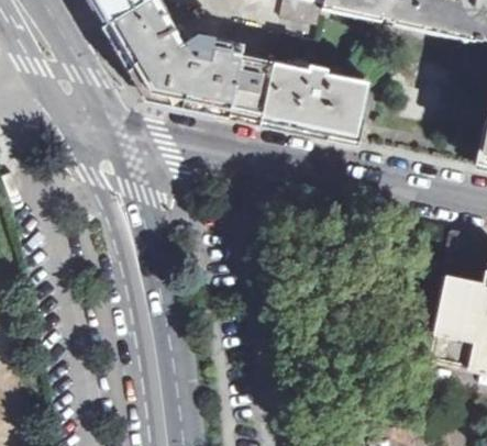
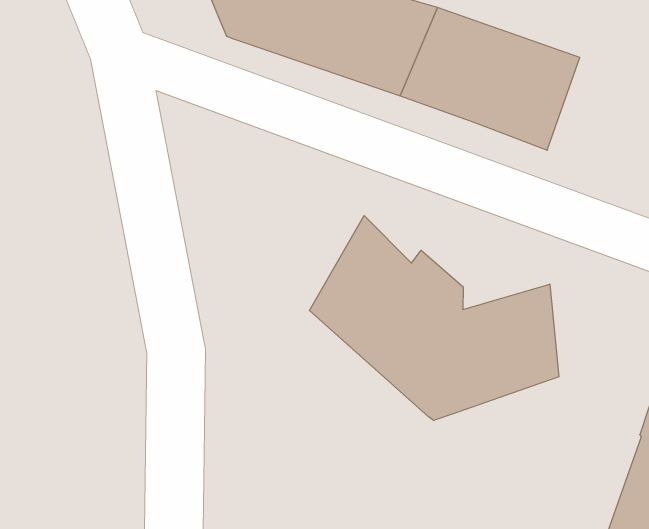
building: none -> [309,216,559,420]

